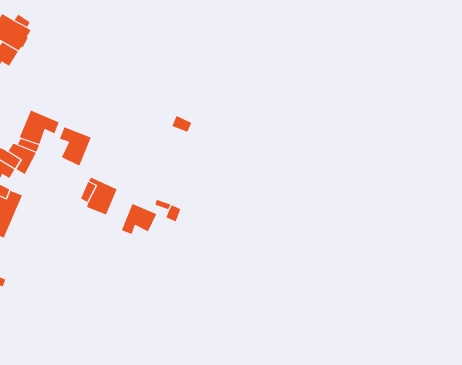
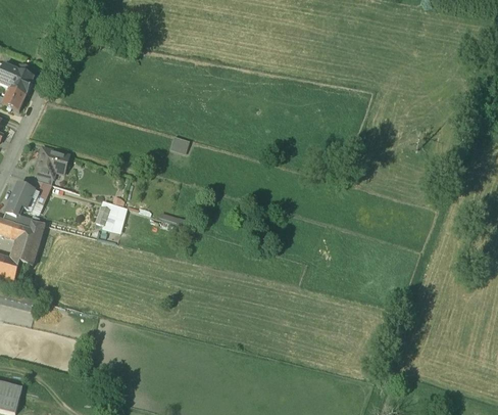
building: [59,127,91,166] -> none
building: [121,203,157,235] -> none

